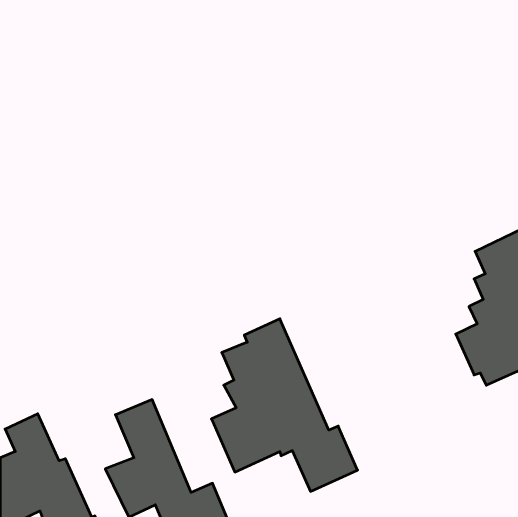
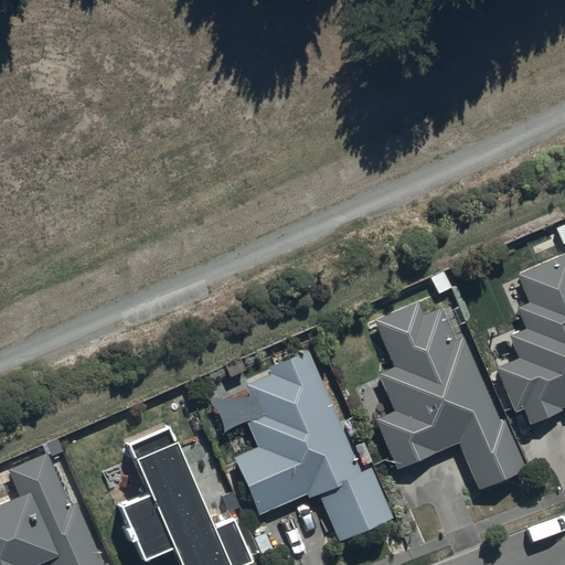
building: none -> [375,301,524,486]

